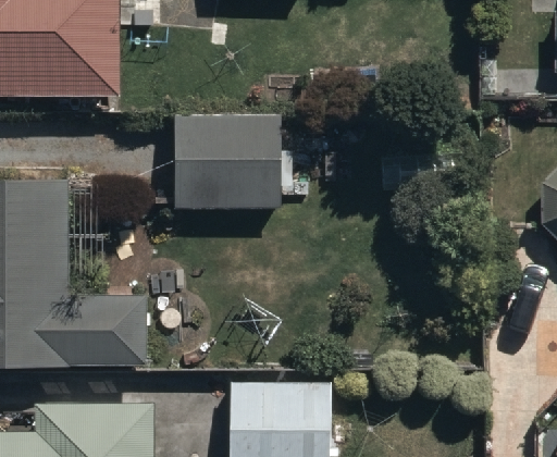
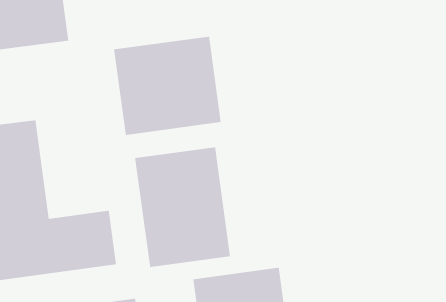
building: none -> [135,146,231,268]

